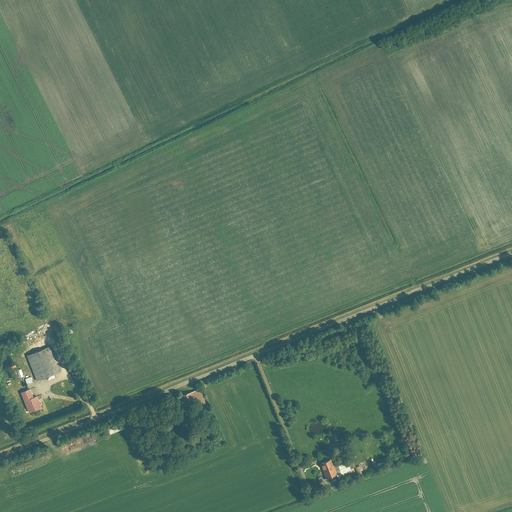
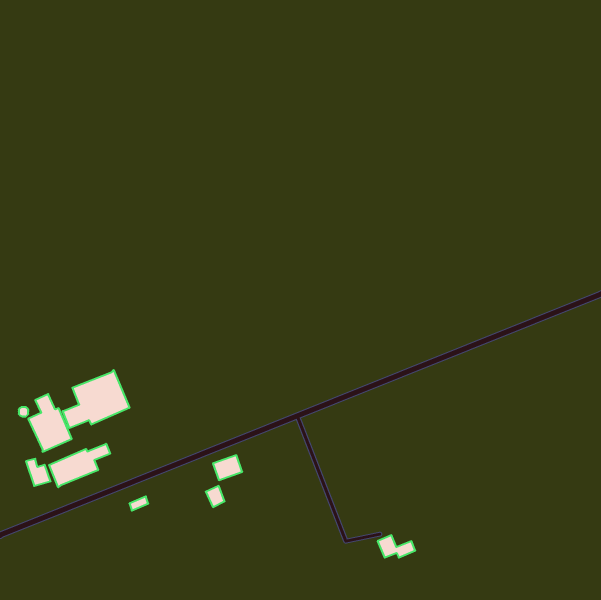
building: none -> [63,370,129,428]
building: none -> [49,444,110,487]

